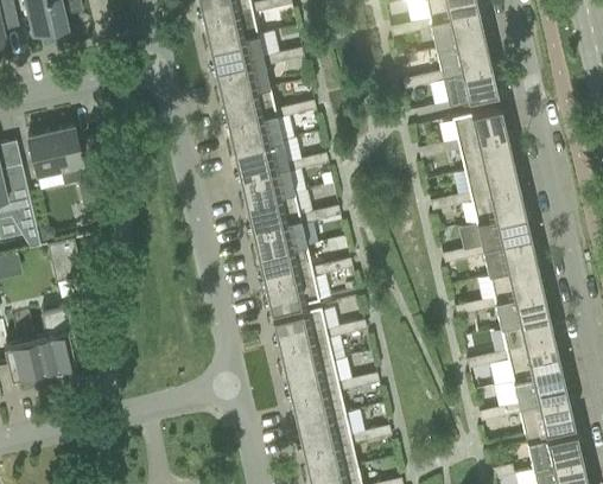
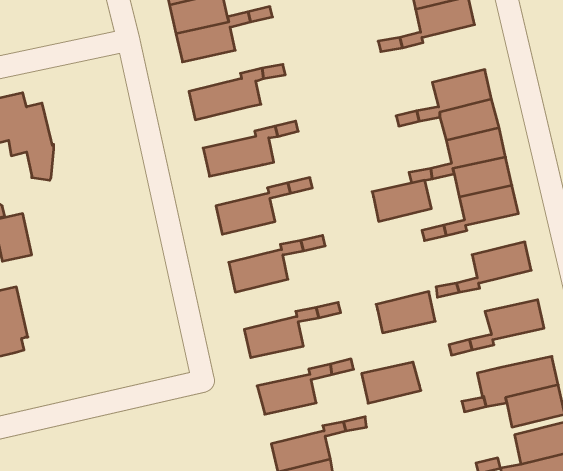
building: [443,66,497,106] -> none
building: [222,90,277,128] -> none
building: [234,142,290,180] -> none
building: [247,196,301,234] -> none
building: [483,241,538,279] -> [372,180,431,221]
building: [259,248,313,286] -> none
building: [495,293,550,331] -> [376,292,435,333]
building: [273,308,328,348] -> none
building: [508,346,563,383] -> none
building: [285,363,339,400] -> none
building: [298,415,353,453] -> [362,362,421,403]

